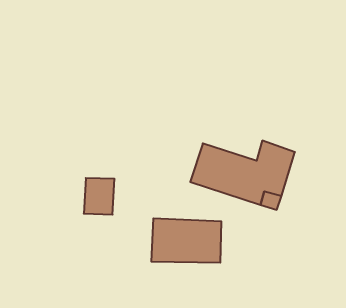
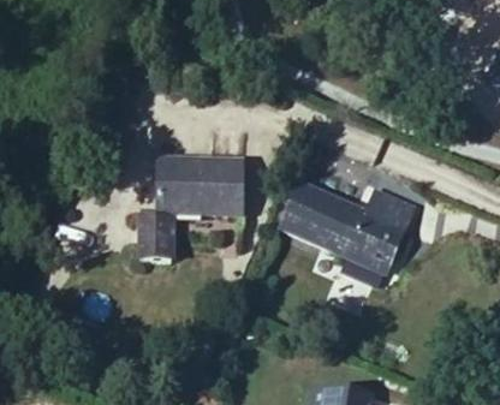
building: [151,218,221,263] -> [154,163,242,219]

